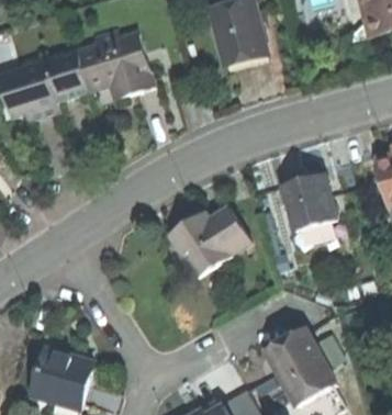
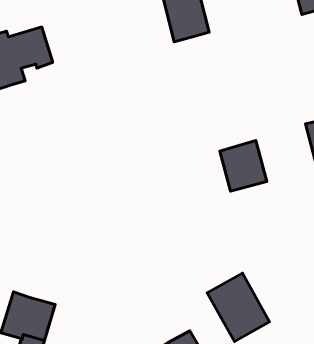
building: [77,30,153,94] -> none
building: [168,205,248,276] -> none

